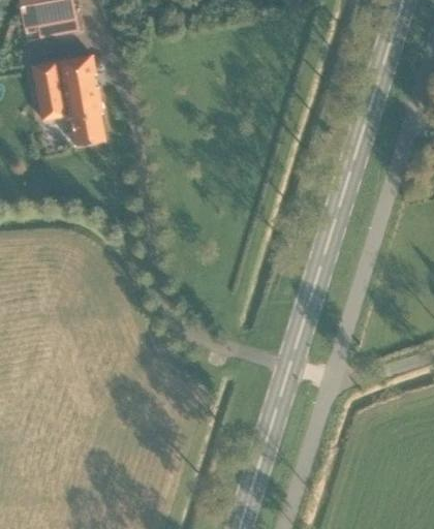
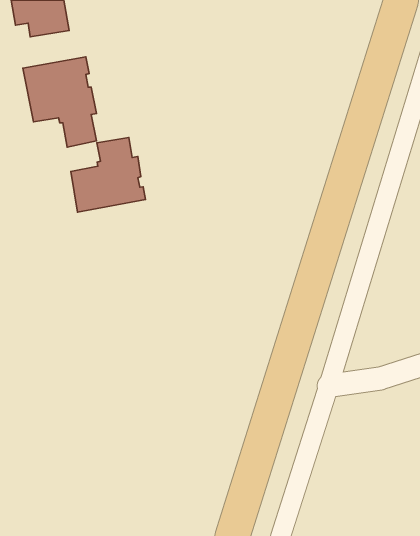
building: none -> [71,138,146,212]

